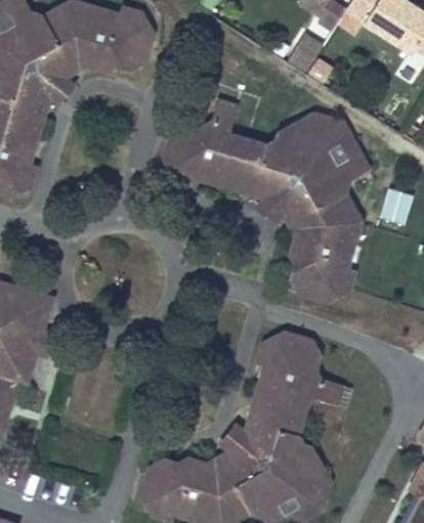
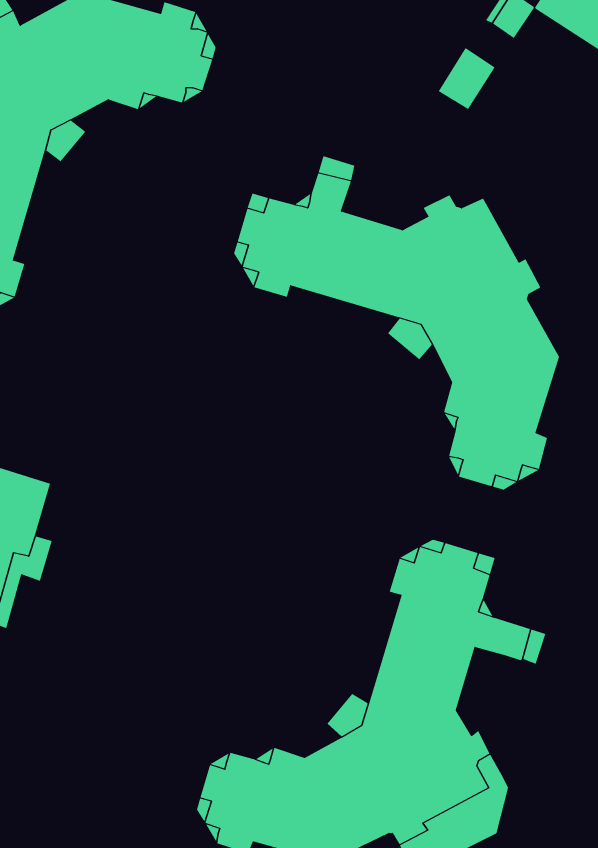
building: [294,113,369,179] -> none

